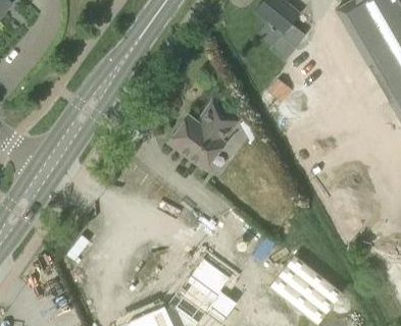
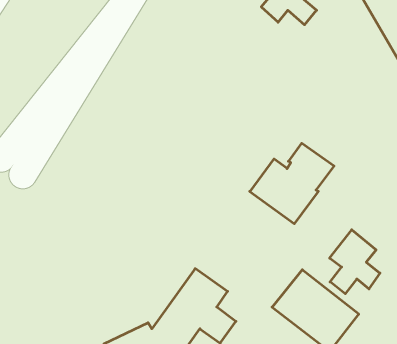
building: [168,103,240,171] -> [250,143,334,224]
building: none -> [330,230,380,294]

